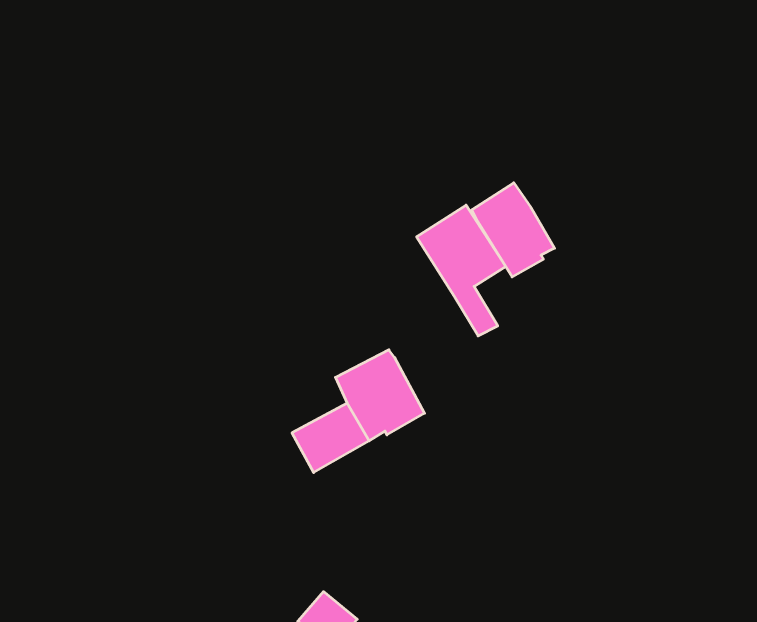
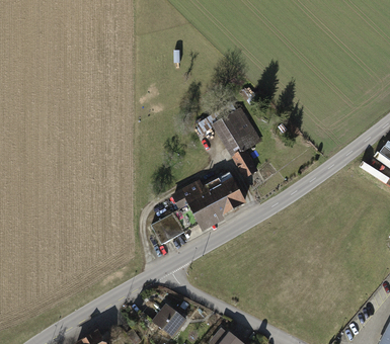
building: [472,183,555,277] -> none
building: none -> [203,172,244,214]

